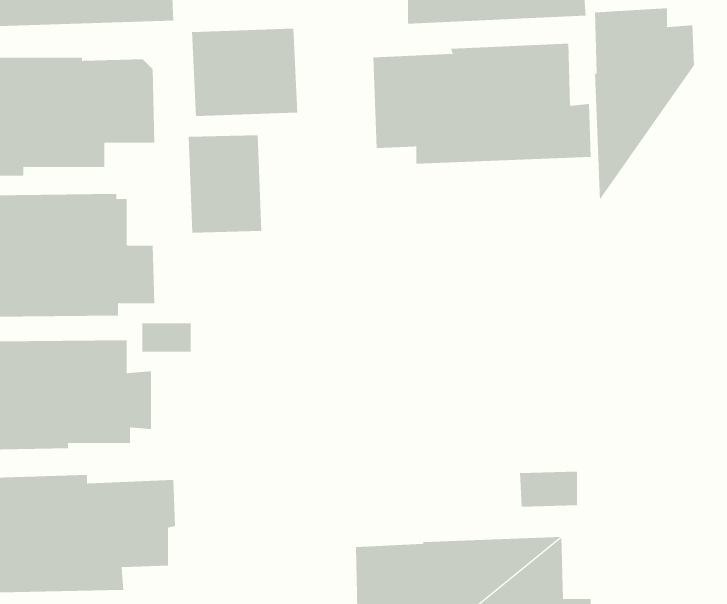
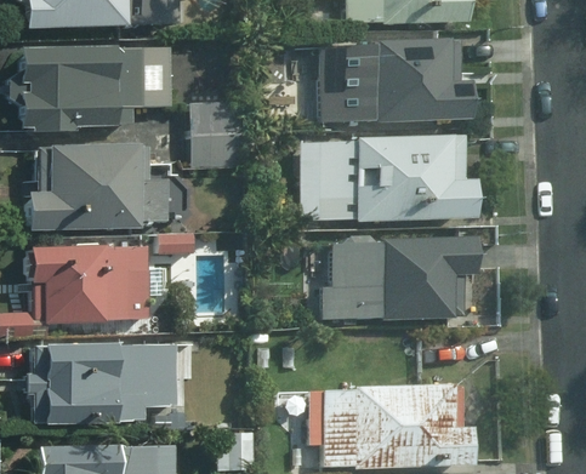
building: [594,8,694,201] -> none
building: [191,28,298,117] -> none
building: none -> [300,136,478,223]
building: none -> [320,235,478,320]

